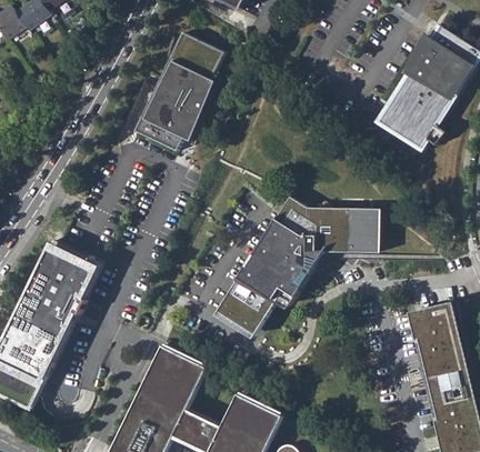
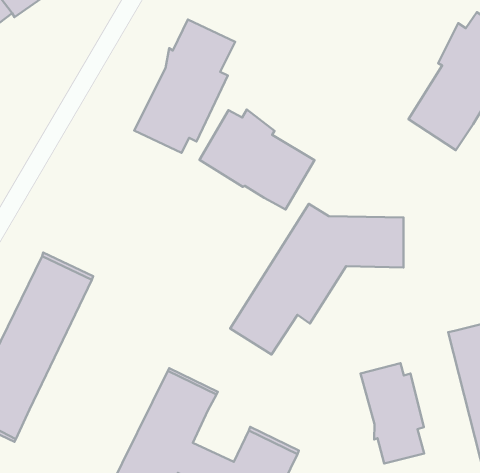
building: none -> [200,110,315,210]
building: none -> [360,363,424,464]

